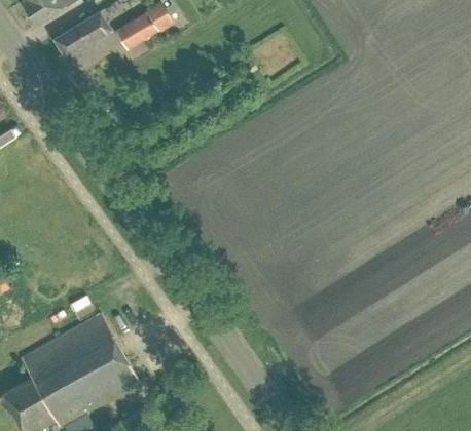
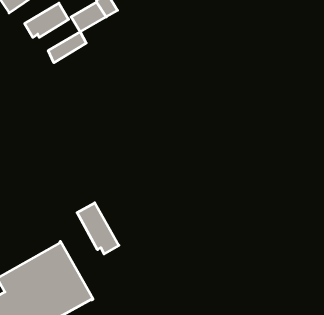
building: none -> [48,32,86,63]
building: none -> [77,203,119,254]

